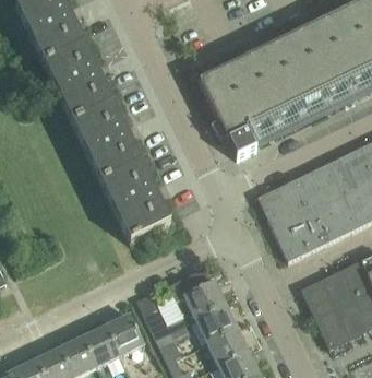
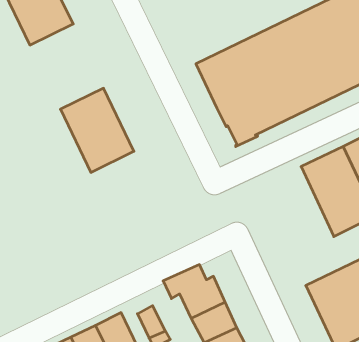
building: [45,43,113,122] -> none
building: [101,162,171,241] -> none
building: [257,176,328,260] -> none

